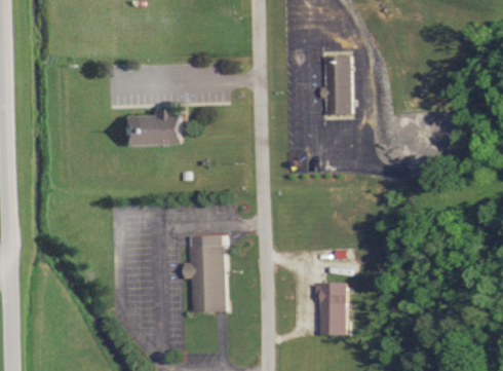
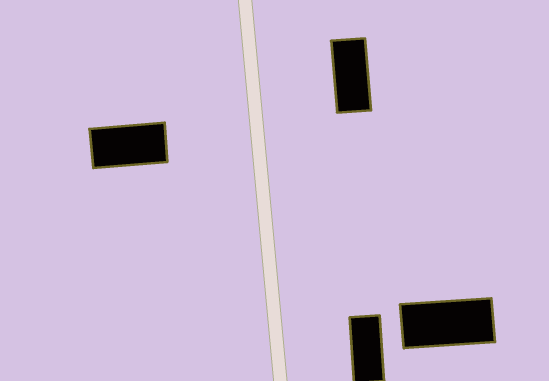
building: [187,235,225,311] -> none
building: none -> [400,298,495,348]

